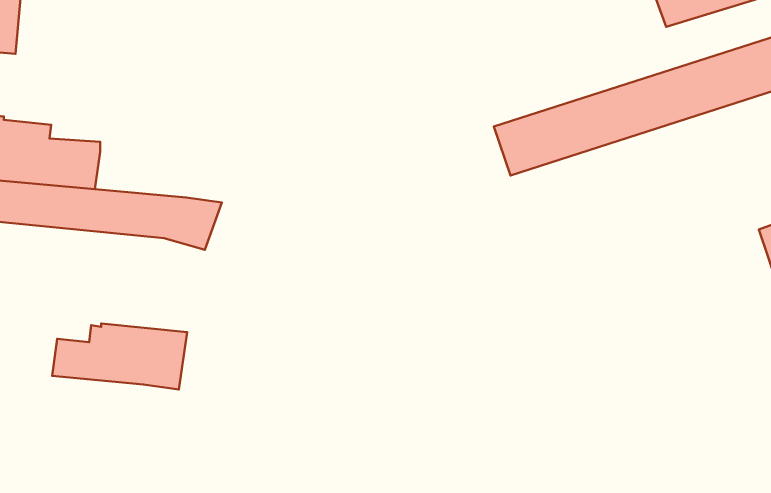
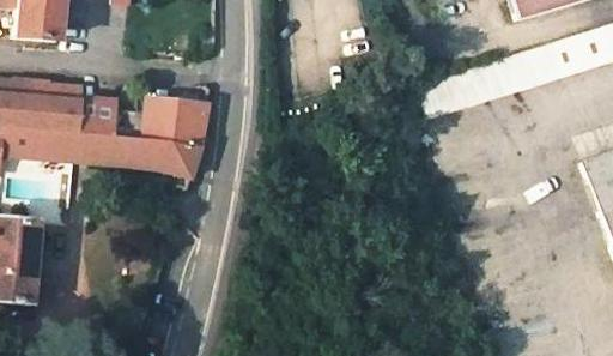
building: [52,324,187,390] -> [115,98,211,145]

